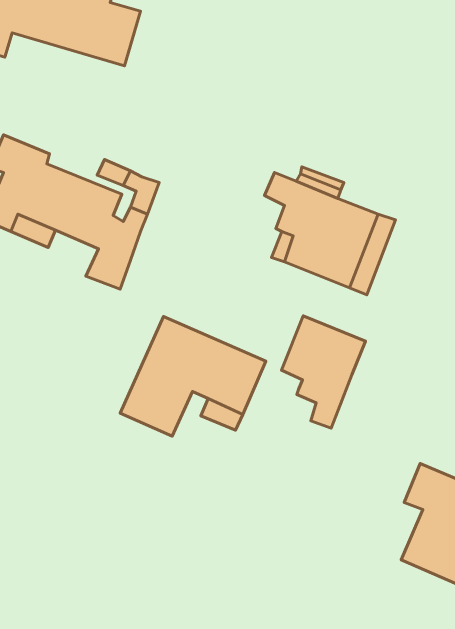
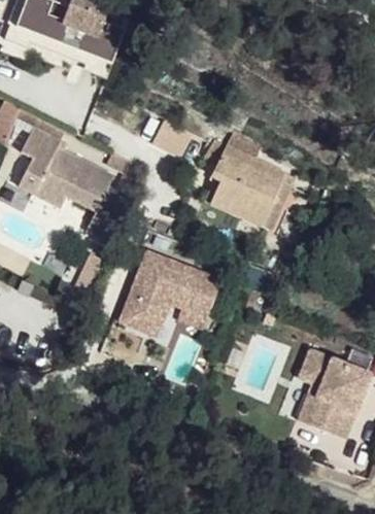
building: [281,316,366,428] -> none

